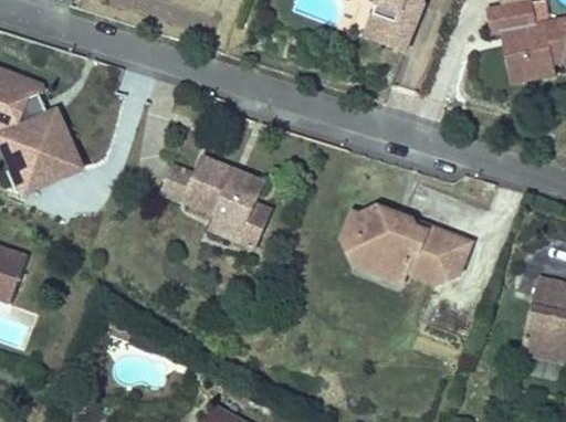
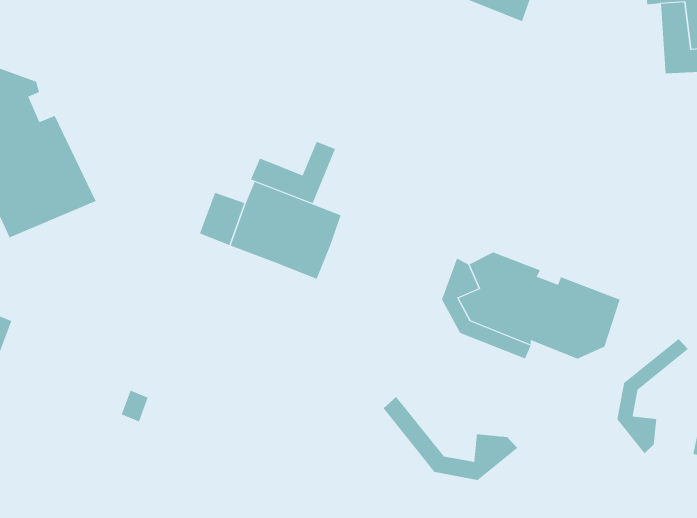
building: [213,204,275,250] -> [250,141,336,204]
building: none -> [617,338,689,454]
building: none -> [383,396,518,481]

